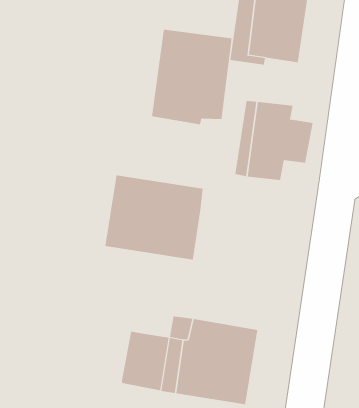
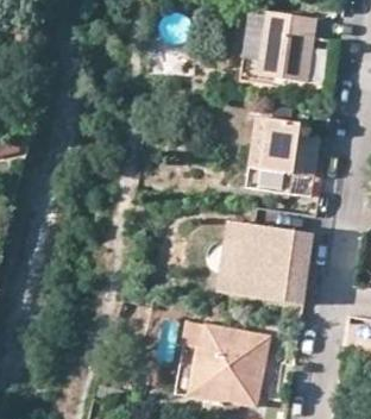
building: [151,29,232,125] -> none
building: [105,175,204,260] -> [220,220,314,301]
building: [121,331,169,391] -> none

